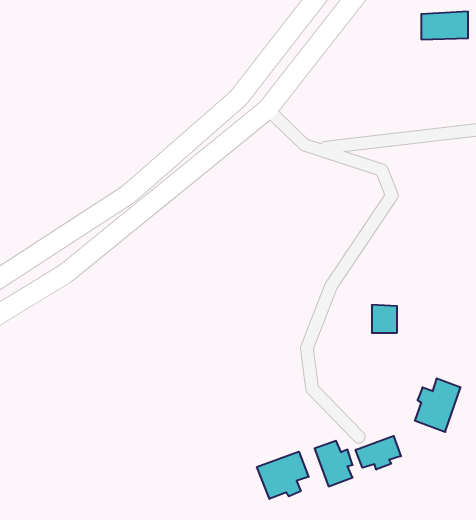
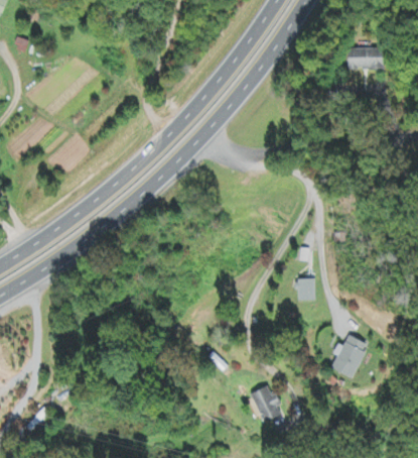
building: [356,436,401,470] -> none
building: [257,452,309,499] -> none

